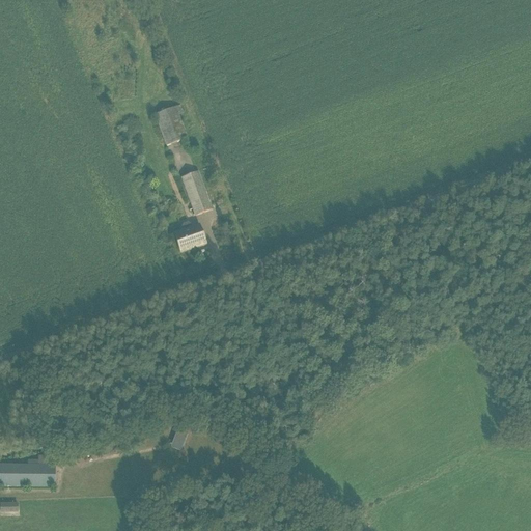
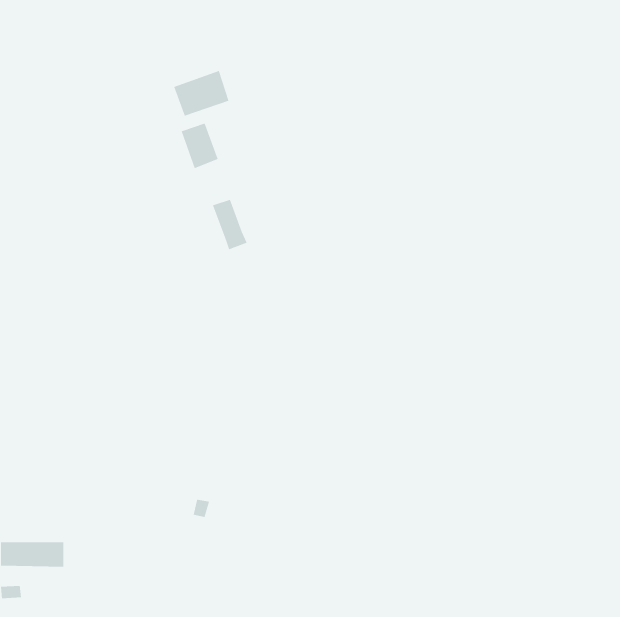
building: none -> [174,70,229,117]
building: [174,220,205,251] -> none

